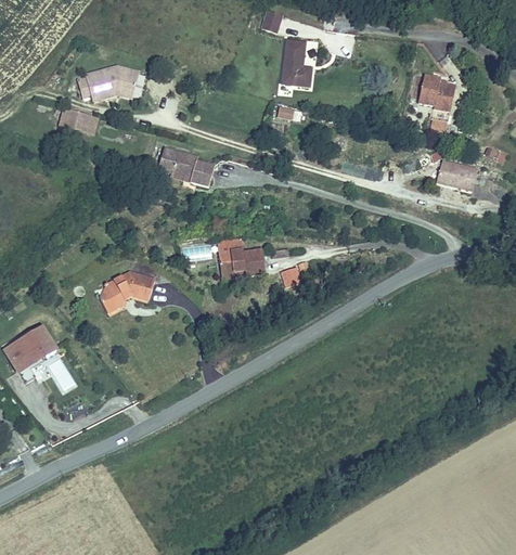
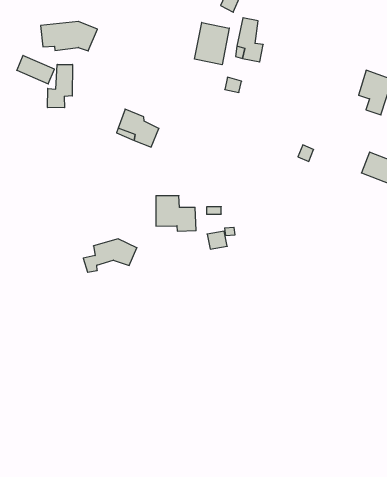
building: none -> [195,22,229,65]
building: none -> [48,64,72,108]
building: [100,272,154,311] -> [83,239,137,272]

